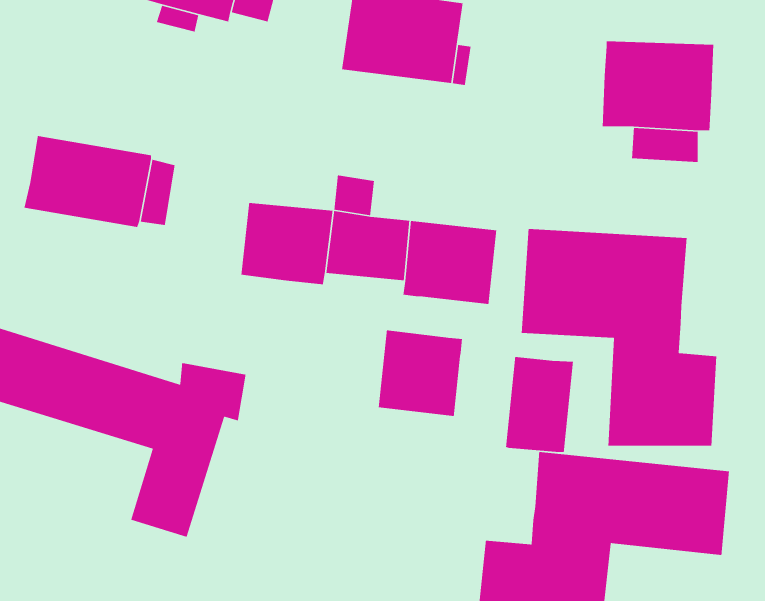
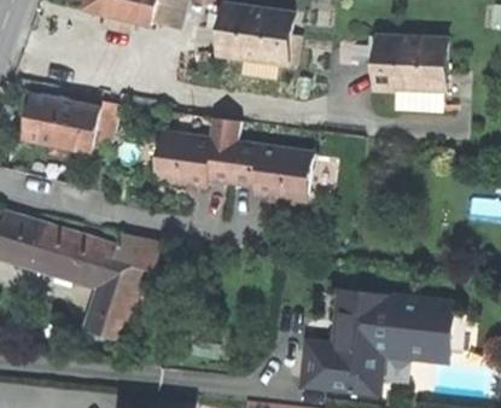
building: [521,228,717,447] -> none
building: [378,330,463,417] -> none
building: [505,356,574,453] -> none

